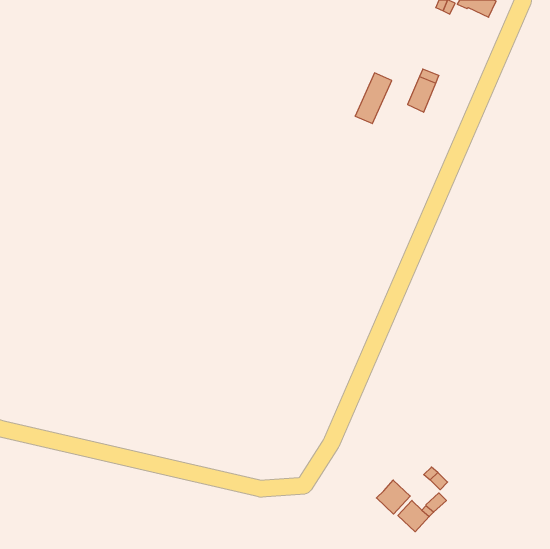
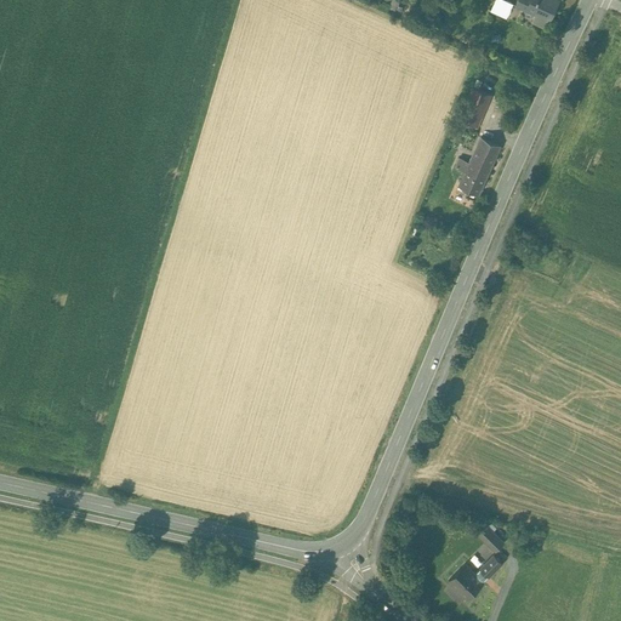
building: [355,73,392,124] -> [458,138,500,195]
building: [376,480,410,514] -> none

